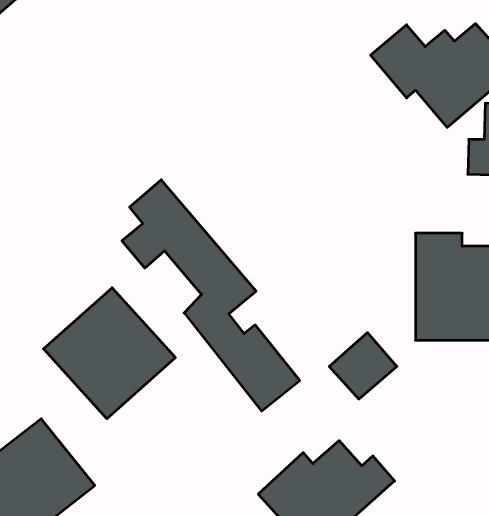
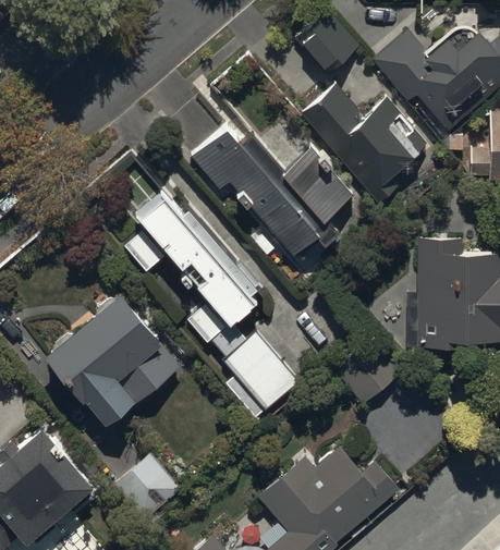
building: none -> [297,12,356,73]
building: none -> [301,84,427,201]
building: none -> [193,117,357,256]

